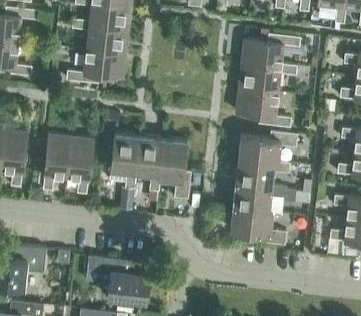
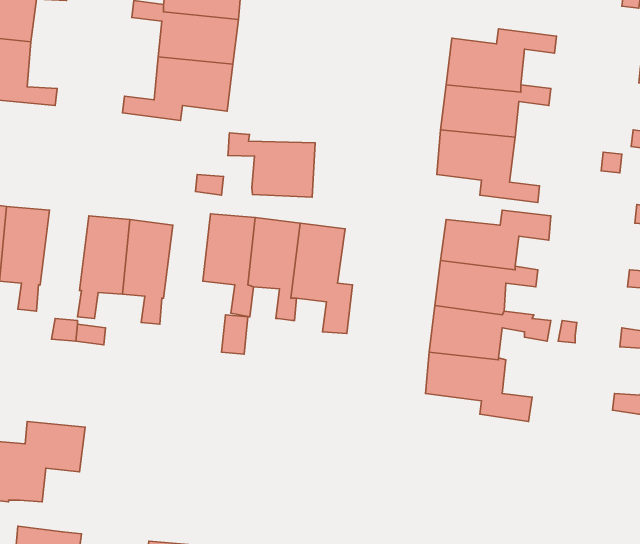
building: none -> [228,133,315,197]
building: [88,256,148,302] -> none

